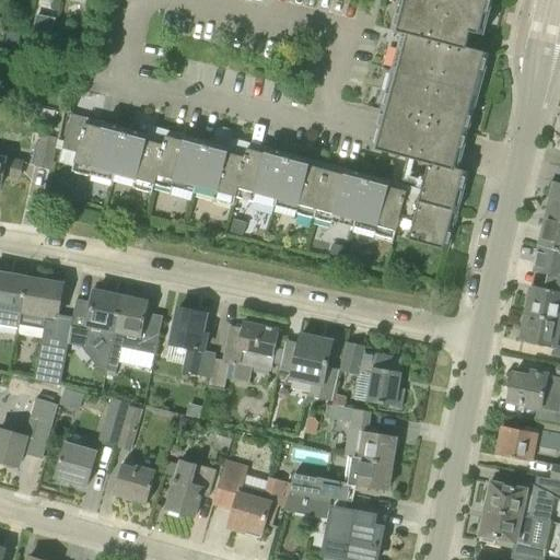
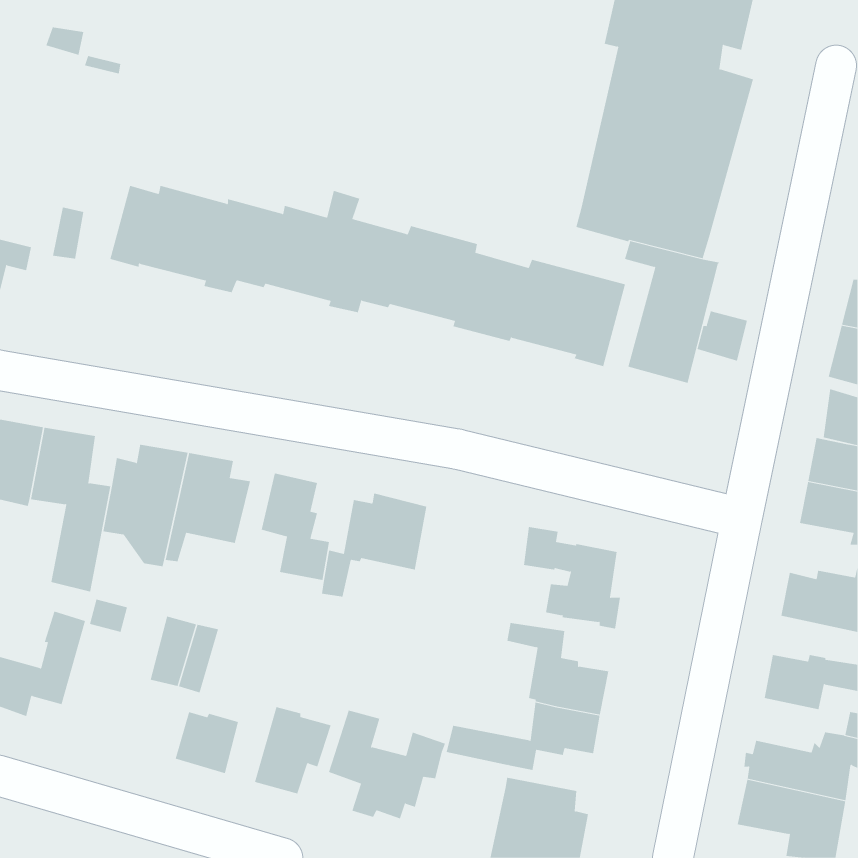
building: none -> [697,311,747,361]
building: [277,334,339,400] -> none
building: [55,441,96,486] -> none
building: [282,489,330,514] -> none

